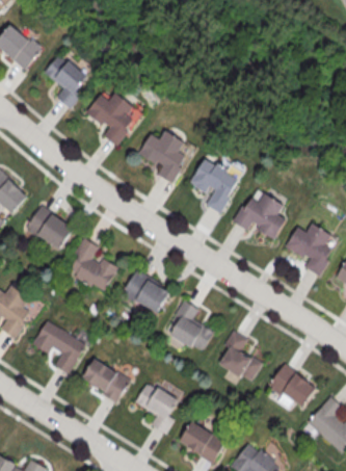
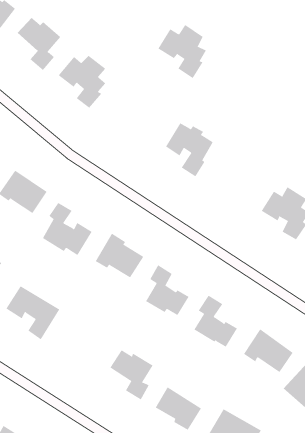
building: [137,130,186,184] -> [157,24,207,79]
building: [232,192,287,239] -> none
building: [82,357,131,402] -> none

